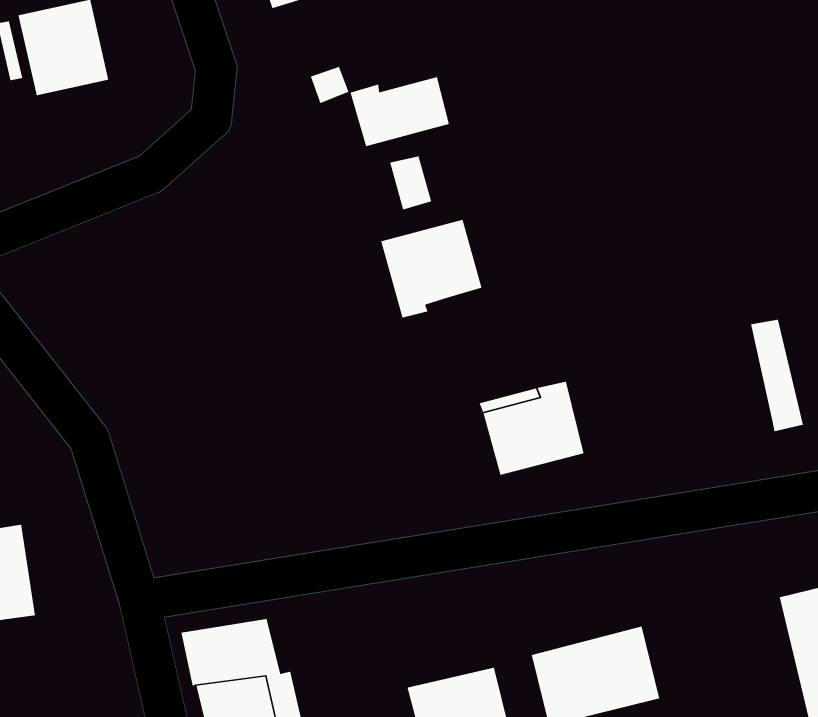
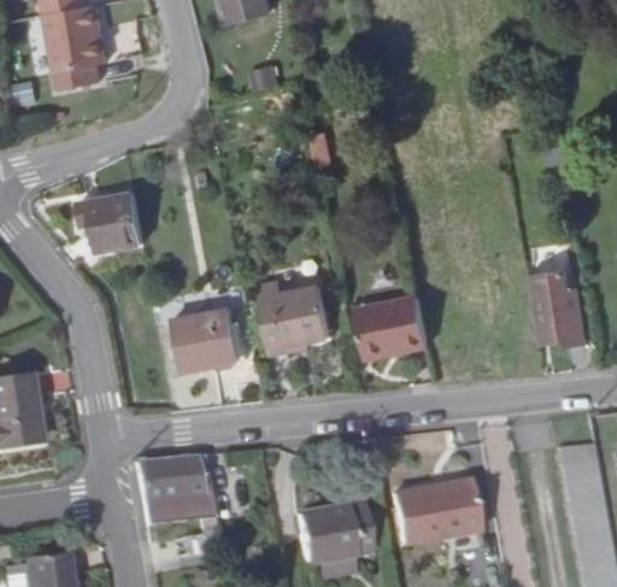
building: [350,76,450,147] -> none
building: [380,219,483,319] -> [257,286,328,354]
building: none -> [80,195,142,253]
building: none -> [529,266,564,340]
building: none -> [171,306,236,366]

